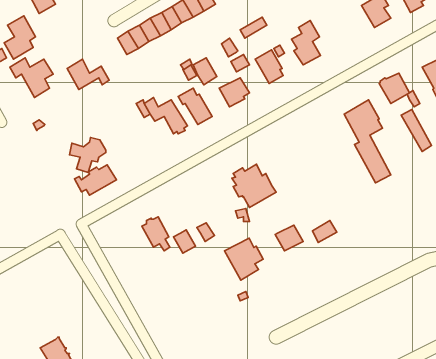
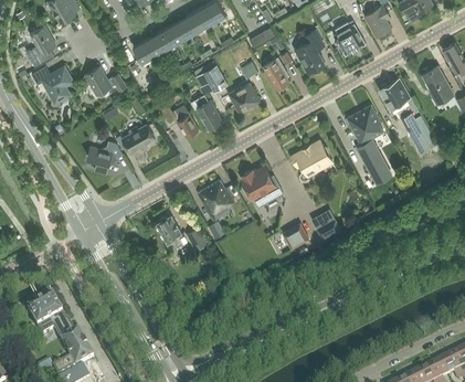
building: none -> [335,20,367,54]
building: none -> [292,140,334,176]
building: [74,165,116,195] -> [116,124,156,152]
building: [225,238,263,280] -> [198,181,234,221]
building: none -> [28,295,75,339]

